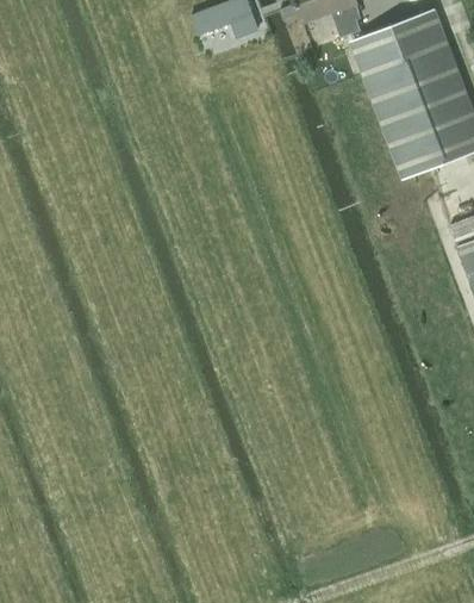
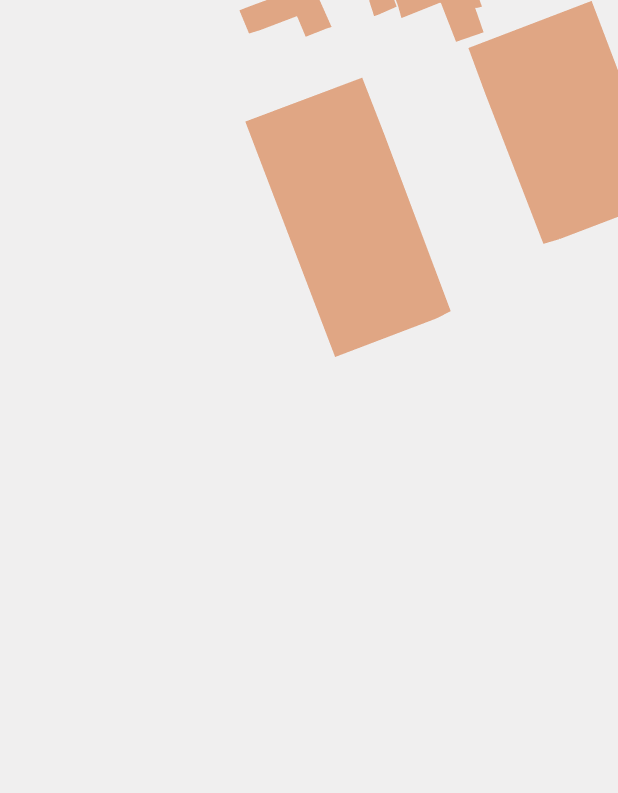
building: none -> [245,77,451,358]

